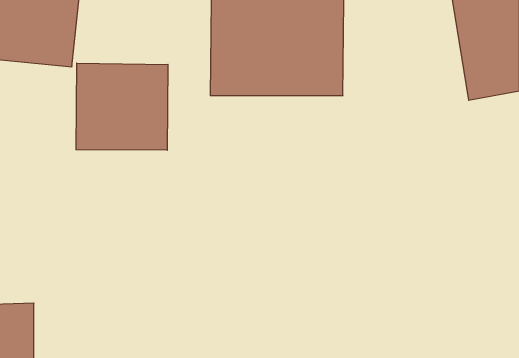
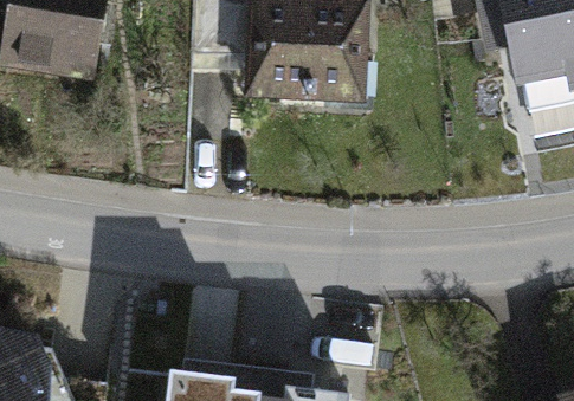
building: [76,63,168,150] -> none

